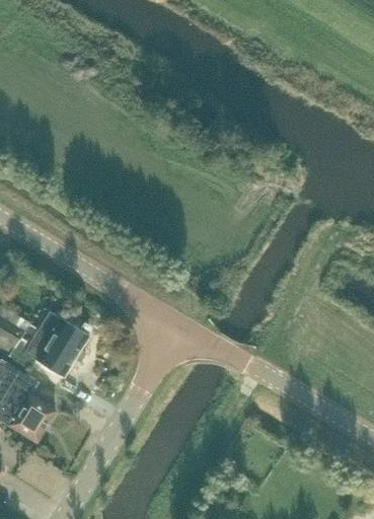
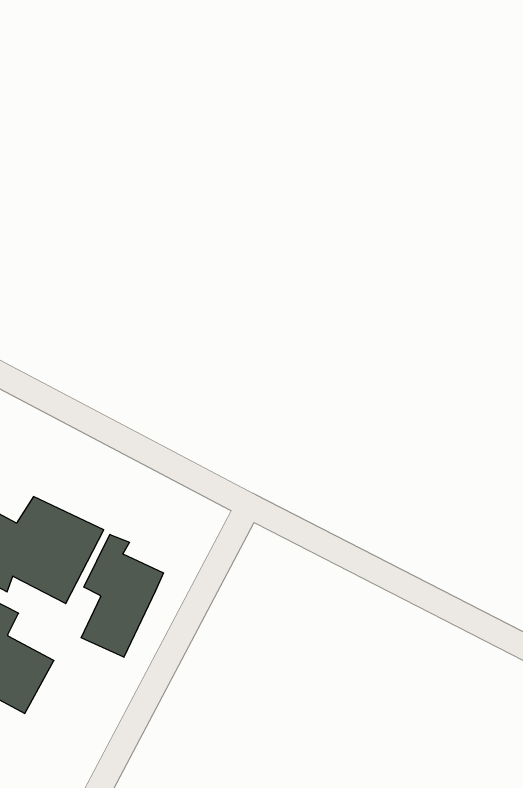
building: none -> [81,534,164,657]

